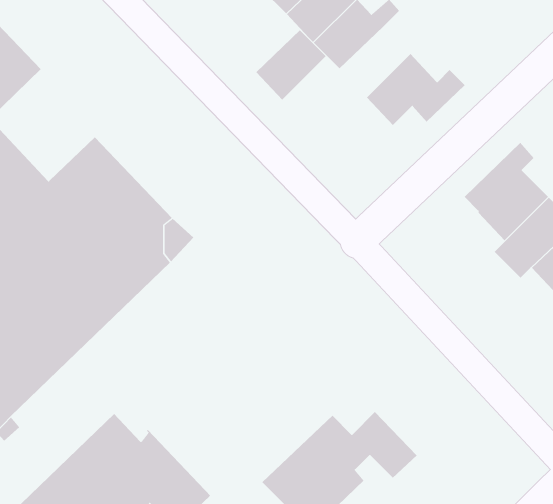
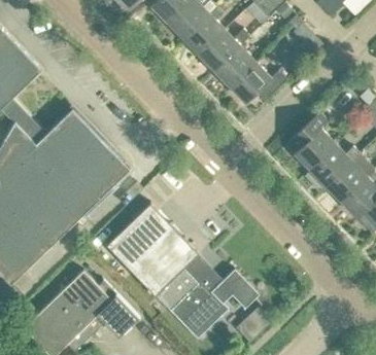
building: [255,30,326,100] -> [214,45,255,86]
building: none -> [107,203,210,310]

